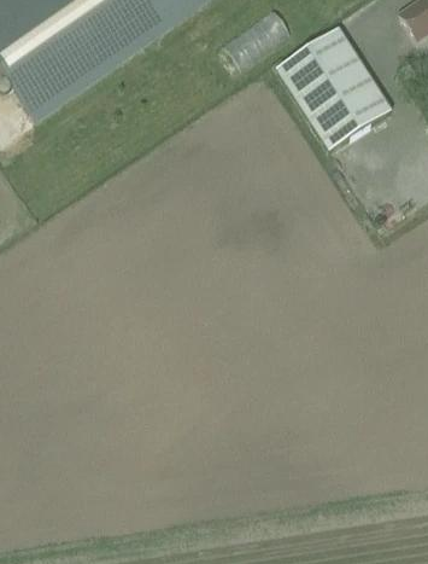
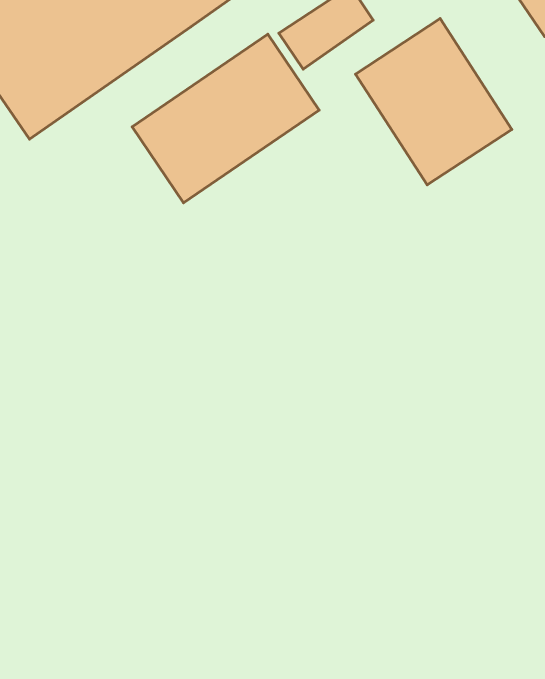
building: none -> [132,34,319,203]

